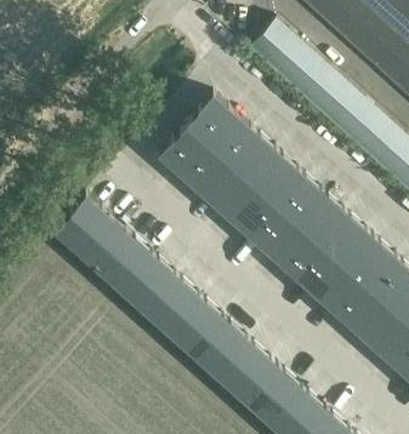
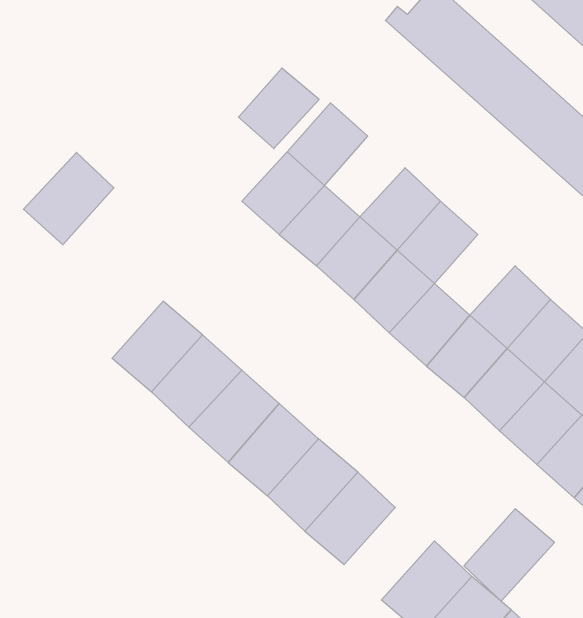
building: [209,114,259,164] -> [238,68,319,149]
building: [277,175,326,224] -> none
building: [53,194,109,251] -> [23,152,114,245]
building: [221,343,277,400] -> [464,509,554,601]

